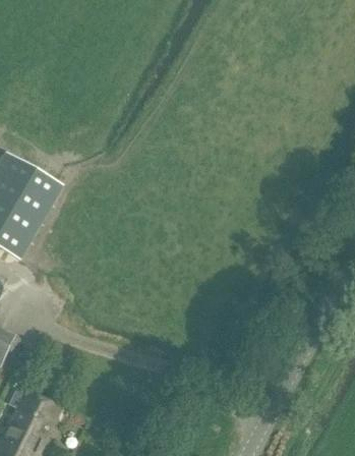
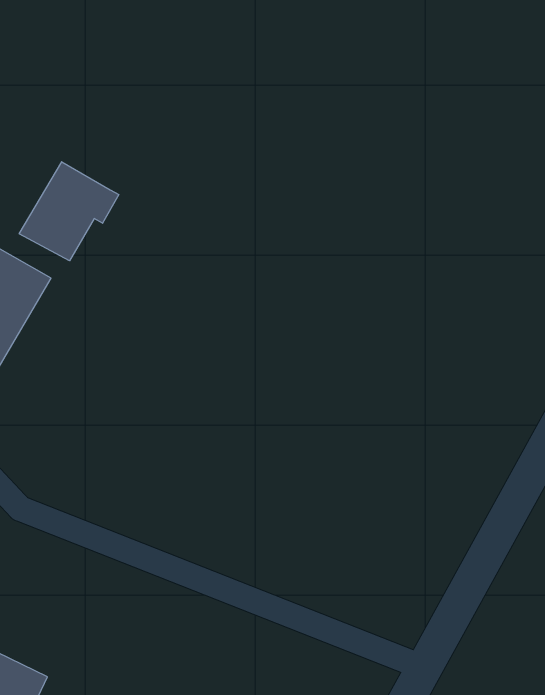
building: none -> [19,162,119,261]

